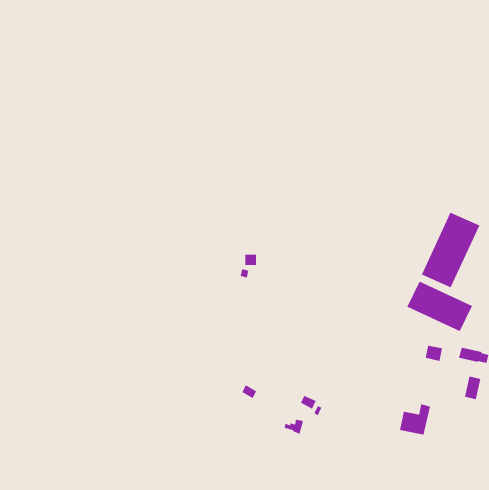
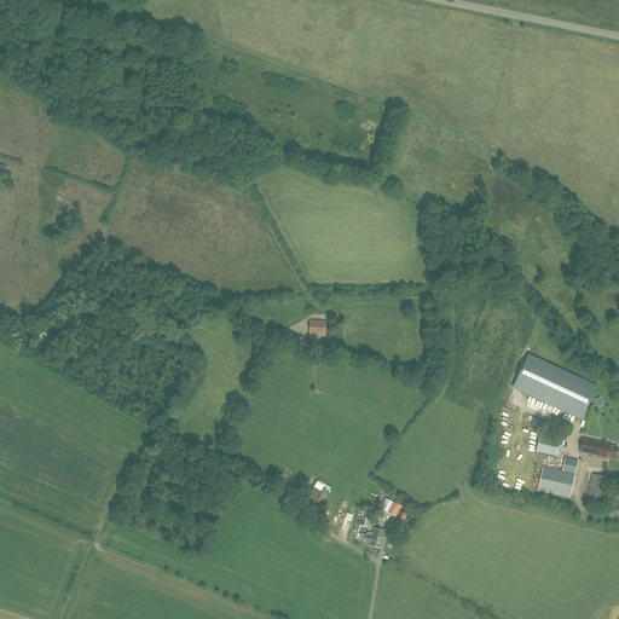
building: [421,212,480,288] -> none
building: [399,403,431,435] -> [537,457,577,497]

